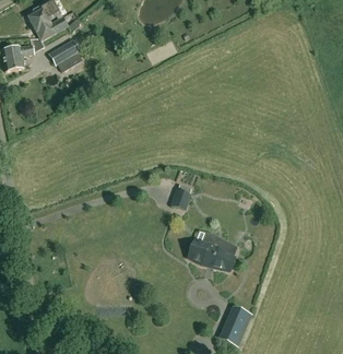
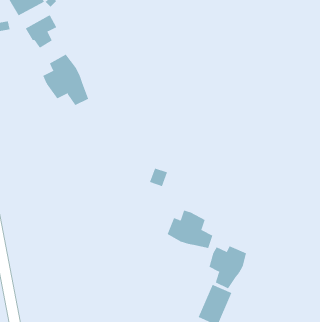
building: none -> [42,54,89,106]
building: none -> [209,246,246,289]

